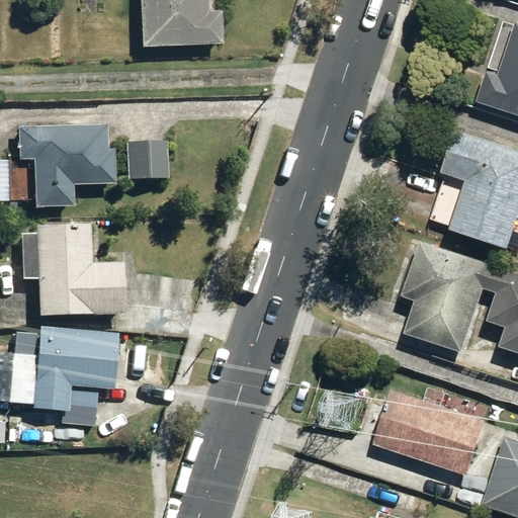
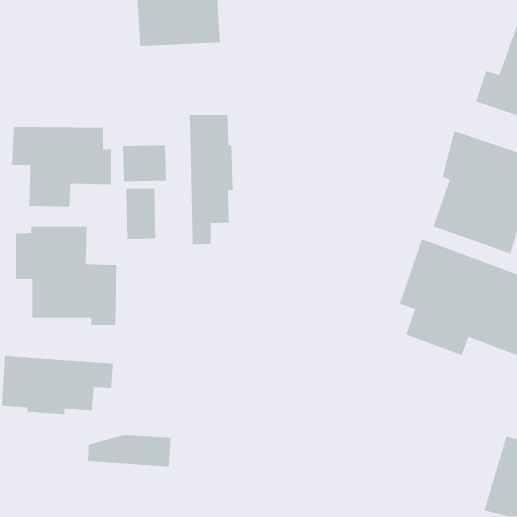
building: none -> [189,114,233,245]
building: none -> [125,188,156,240]
building: [34,328,118,361] -> [87,434,171,468]
building: [374,384,486,474] -> none

